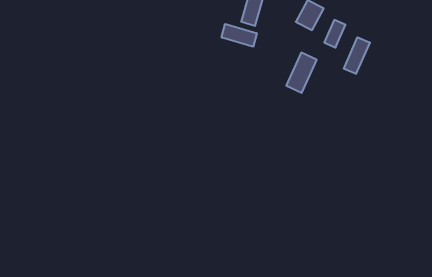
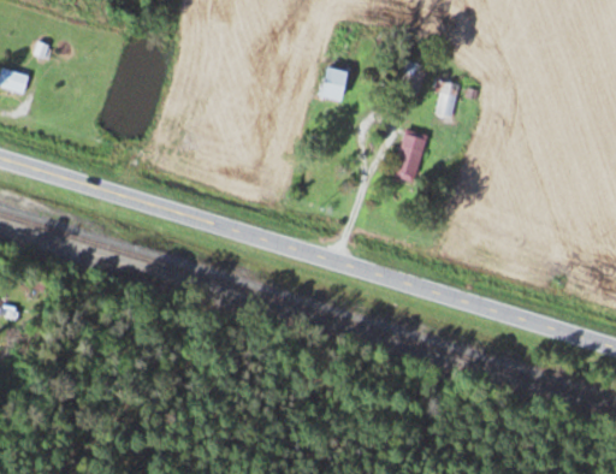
building: [222,24,257,47] -> none
building: [344,37,370,74] -> none

